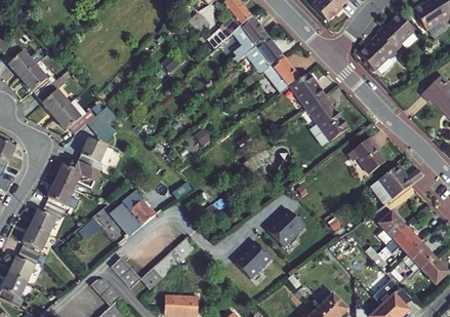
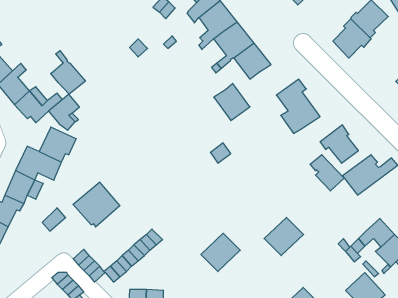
building: none -> [51,51,85,94]
building: [290,72,325,108] -> [214,83,250,121]
building: [373,204,406,239] -> [310,155,344,191]
building: [267,209,304,246] -> [264,217,304,256]

